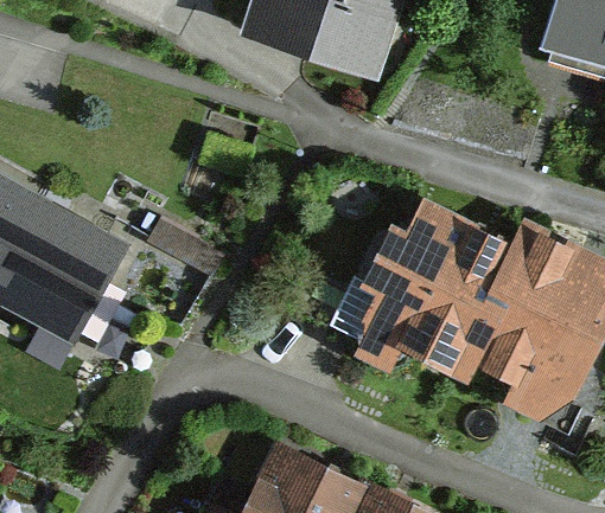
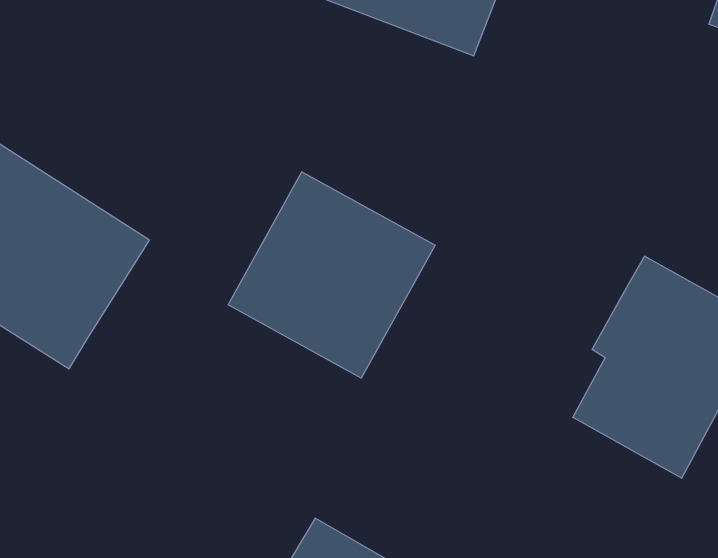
building: none -> [228,172,435,378]
building: [368,212,510,378] -> none

